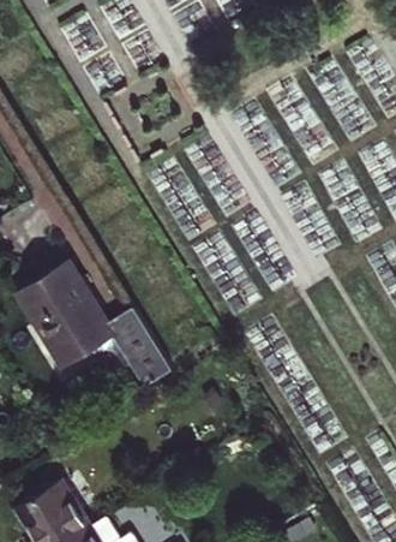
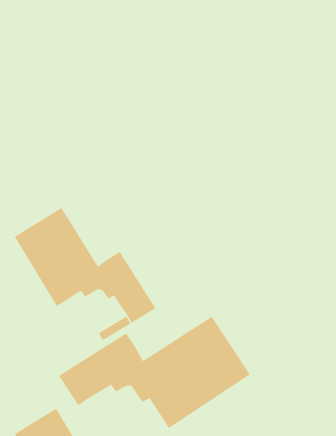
building: none -> [58,316,250,429]

